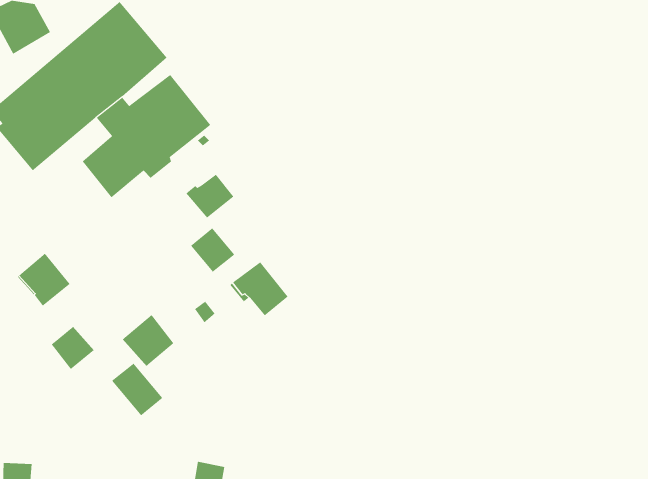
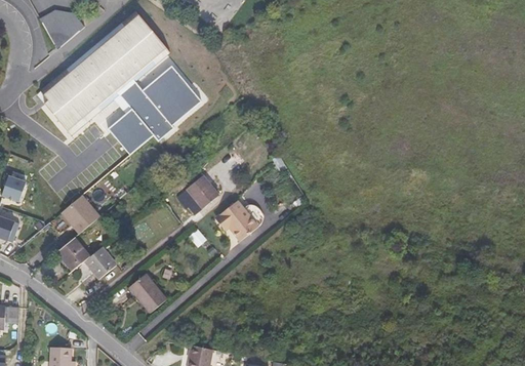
building: [186,174,234,219] -> none
building: none -> [56,237,89,271]
building: [122,314,174,367] -> none

